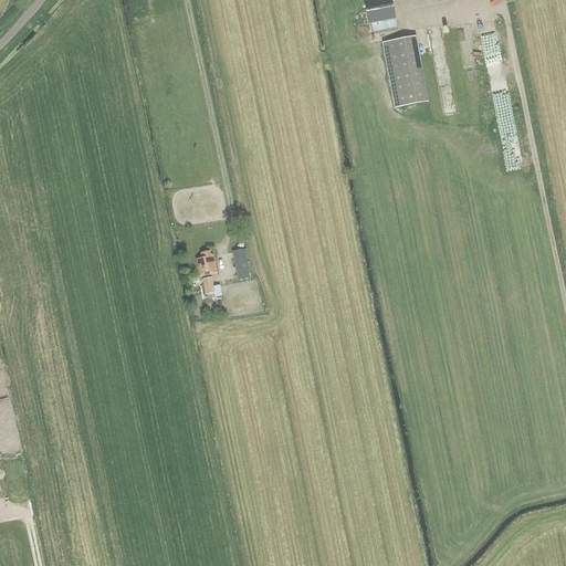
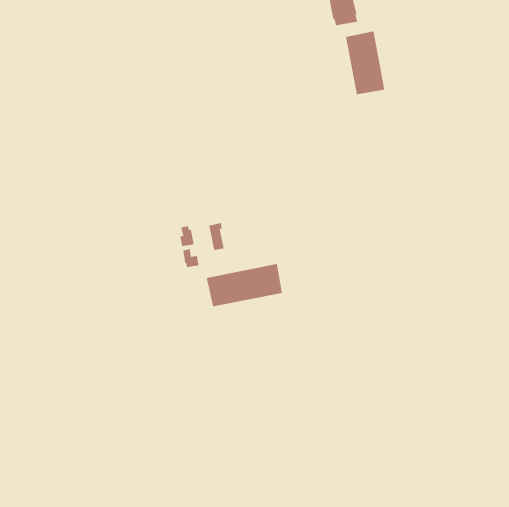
building: none -> [206,263,282,307]

